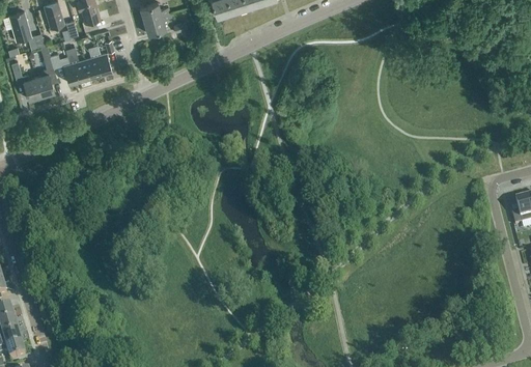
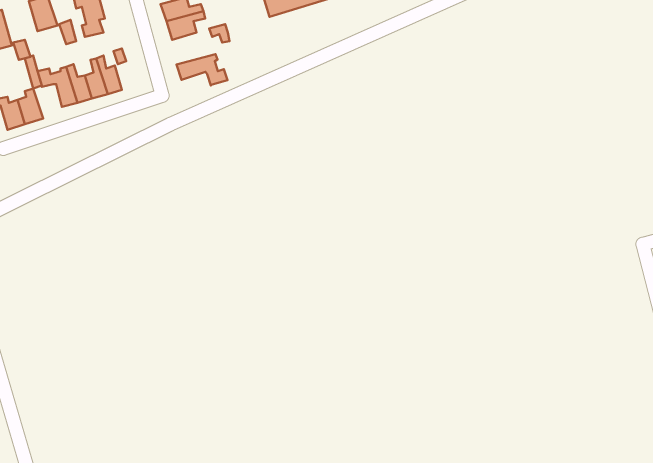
building: none -> [176,54,228,85]

